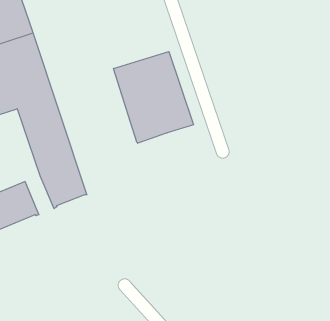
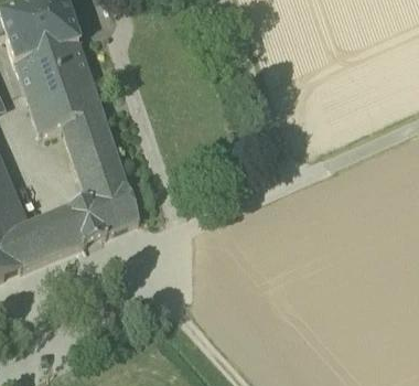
building: [114,52,193,143] -> none
building: none -> [72,201,104,244]

